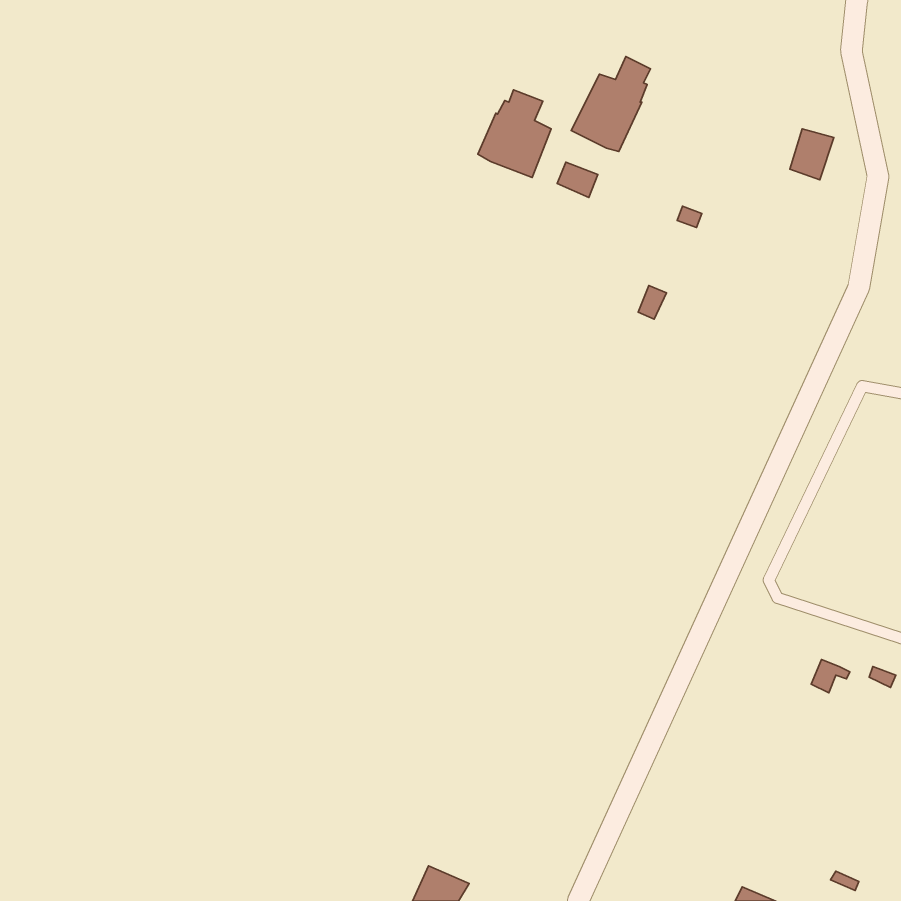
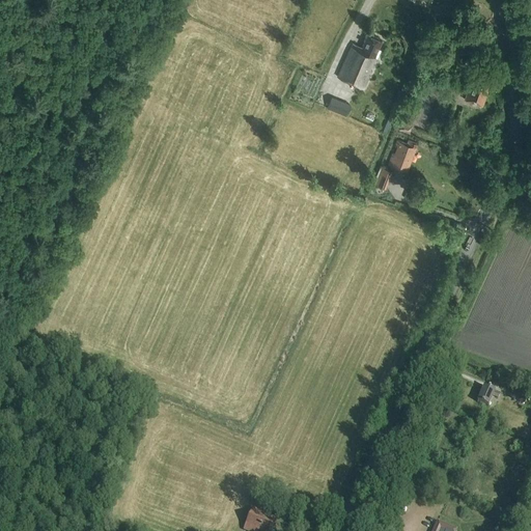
building: [478,90,551,178] -> none
building: none -> [388,140,417,170]

